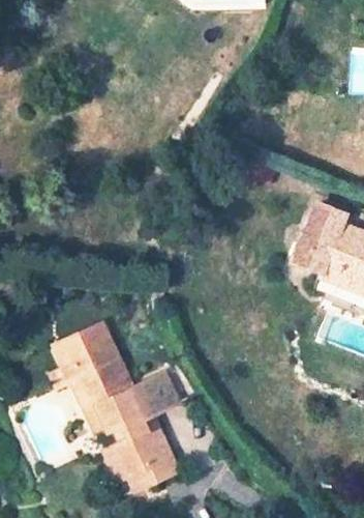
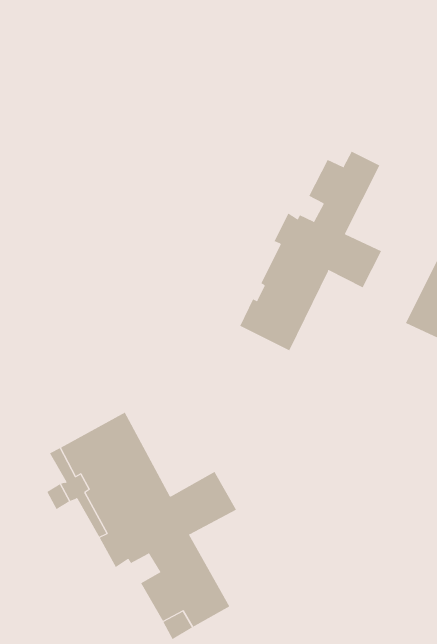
building: none -> [240,151,382,351]

